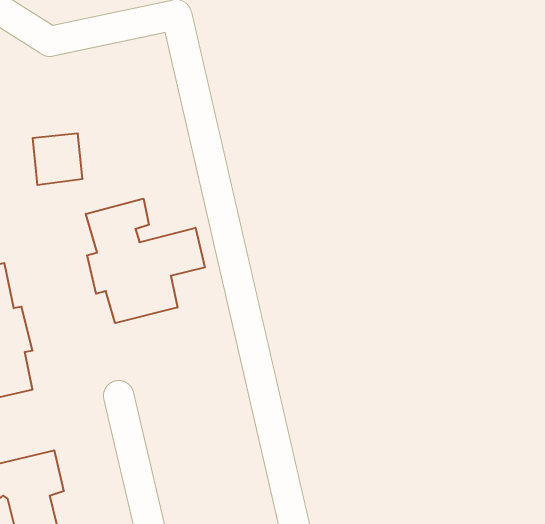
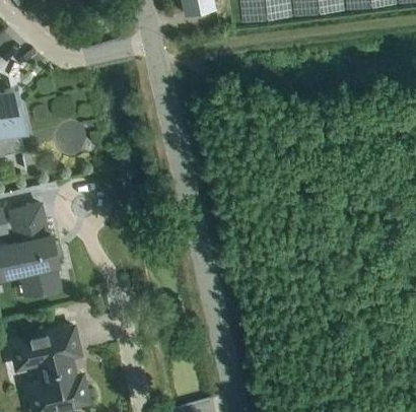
building: [86,199,205,323] -> none

